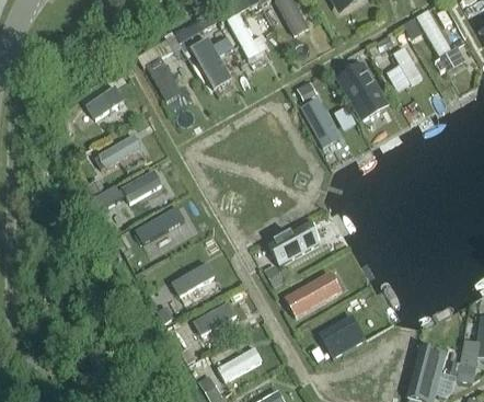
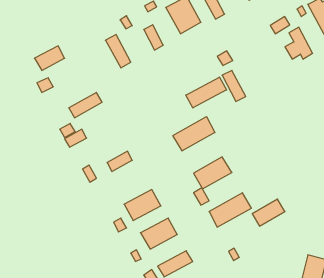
building: [341,65,384,114] -> none
building: [82,85,123,118] -> [34,46,65,70]
building: none -> [186,77,227,108]
building: none -> [173,117,215,151]
building: [122,170,166,207] -> none
building: [322,319,366,355] -> [252,199,285,226]

